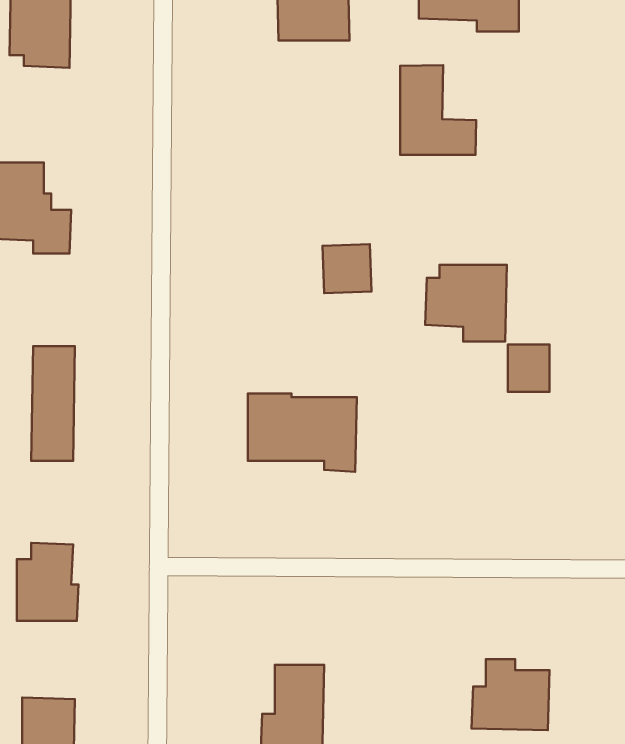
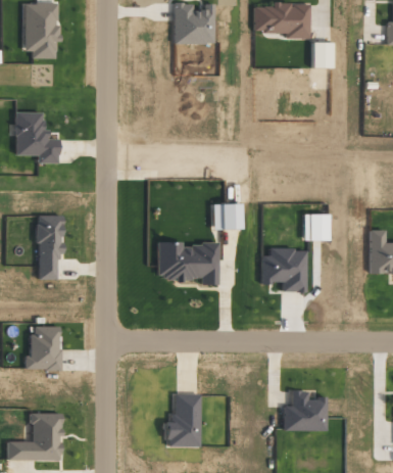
building: none -> [310,42,331,67]
building: [400,65,476,155] -> none
building: [322,244,372,293] -> [211,202,239,230]
building: [425,265,507,341] -> [260,248,306,291]

